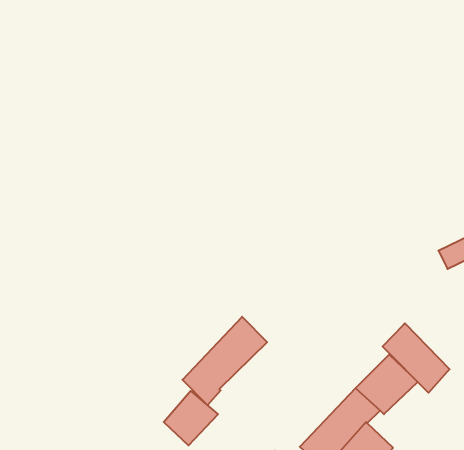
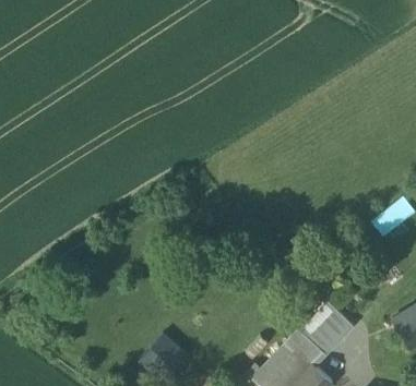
building: [182,317,267,405] -> none
building: [383,323,450,393] -> none

